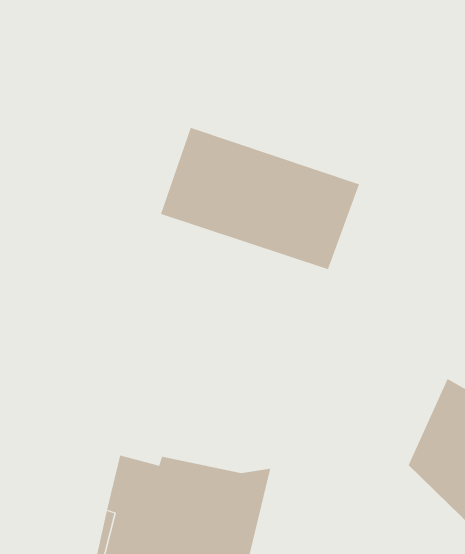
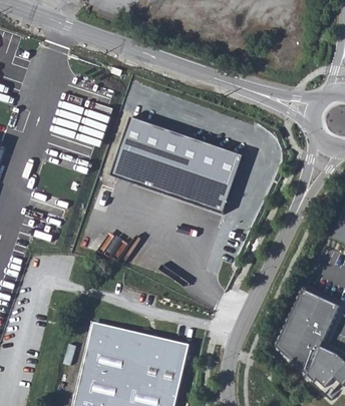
building: none -> [87,323,189,348]

